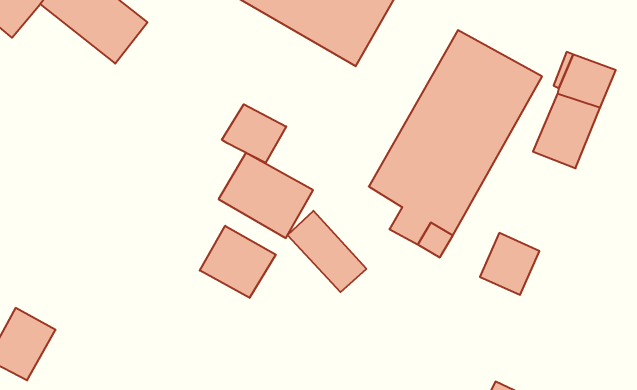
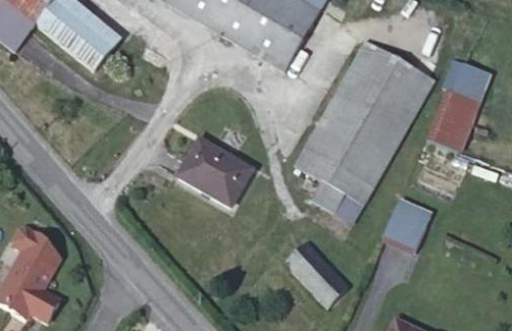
building: [222,104,286,163] -> none
building: [287,211,366,292] -> [286,241,348,306]
building: [200,226,276,298] -> none
building: none -> [13,228,59,278]

